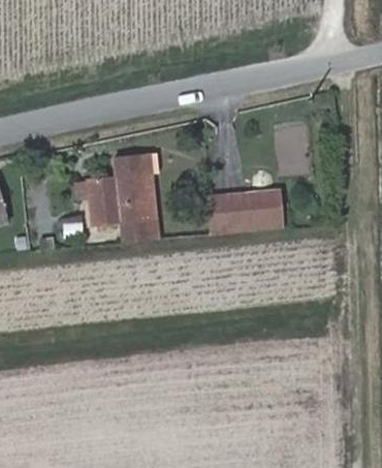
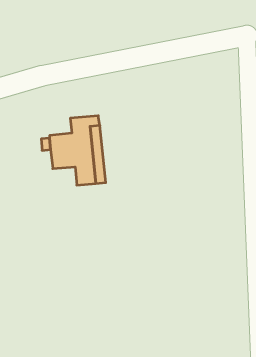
building: [208,189,283,232] -> none

